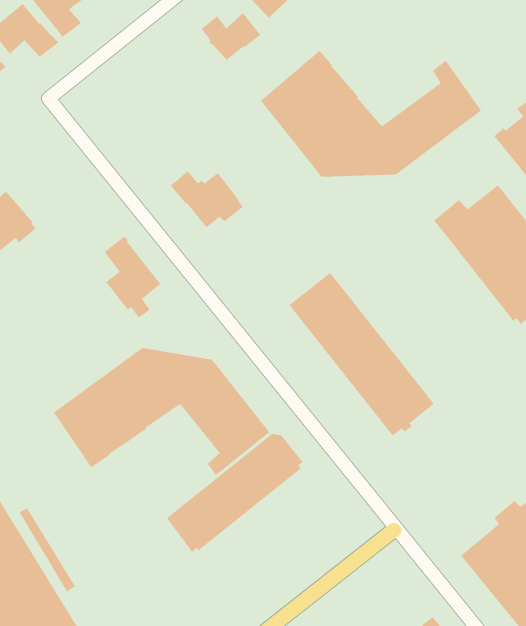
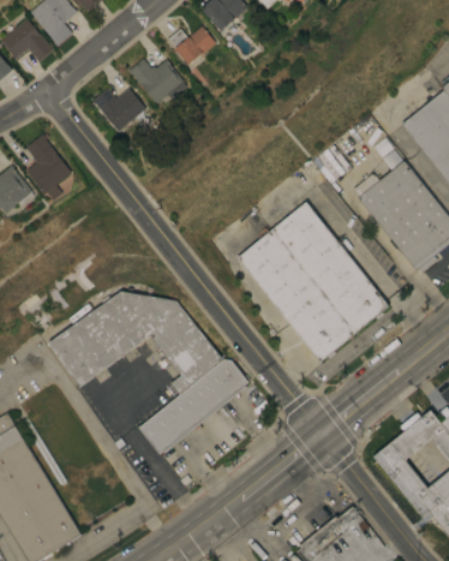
building: [260,50,482,177] -> none
building: none -> [91,86,145,130]
building: [170,171,244,228] -> [127,56,186,102]
building: [104,235,161,318] -> [26,135,72,201]
building: none -> [270,202,389,335]

